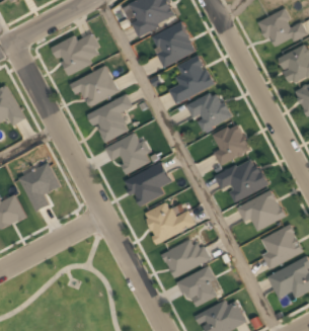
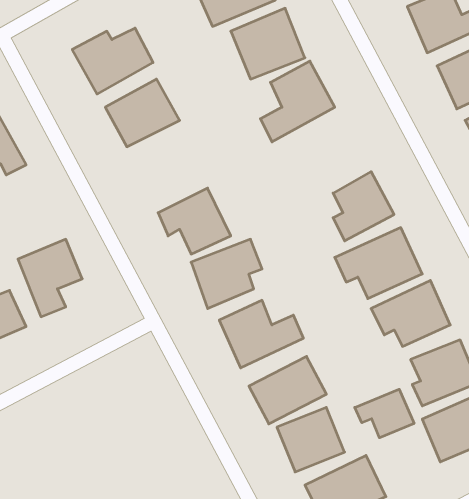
building: [186,90,231,132] -> none
building: [88,95,131,143] -> none
building: none -> [355,389,414,438]

